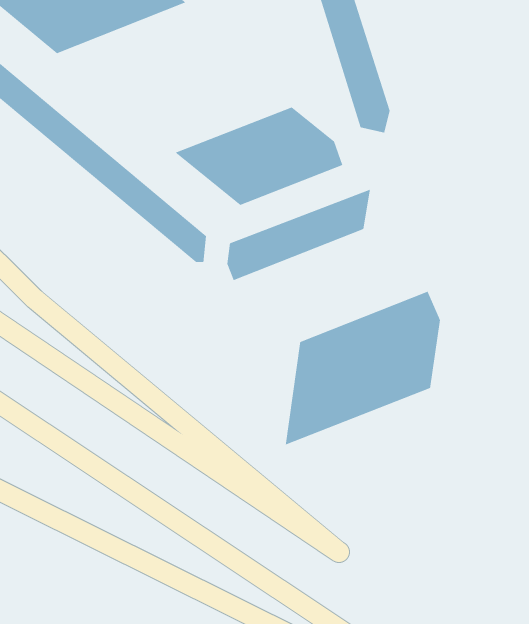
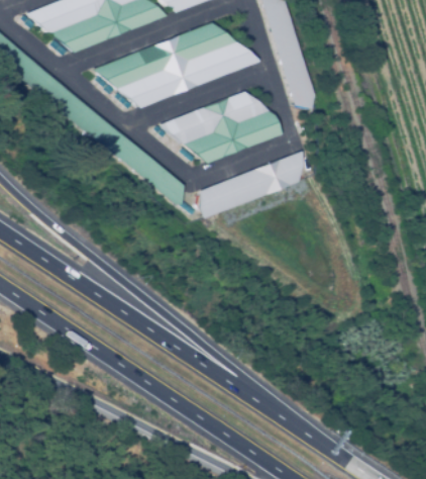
building: none -> [93,22,259,108]
building: [285,291,440,446] -> none

